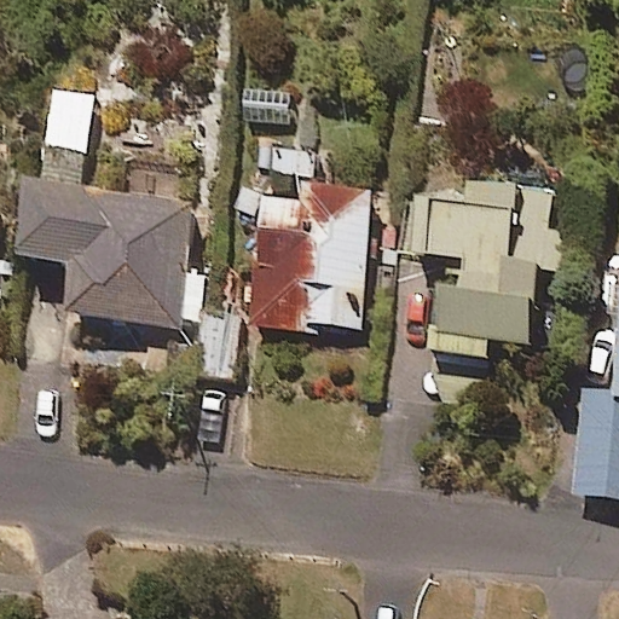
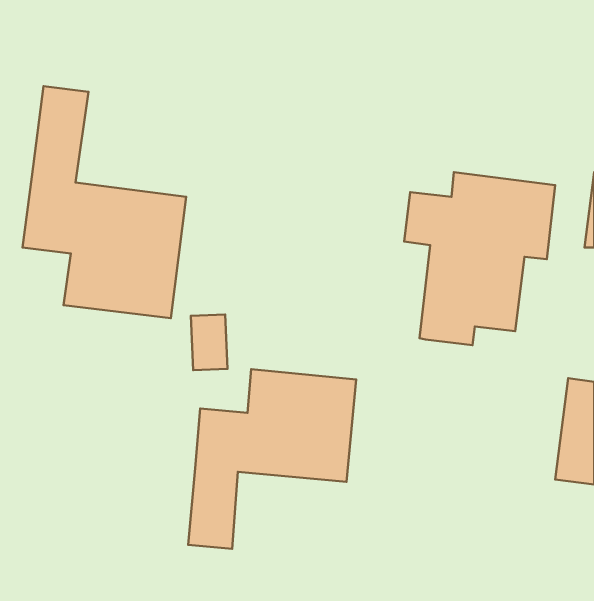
building: [251,138,372,331] -> none
building: none -> [188,369,356,549]

